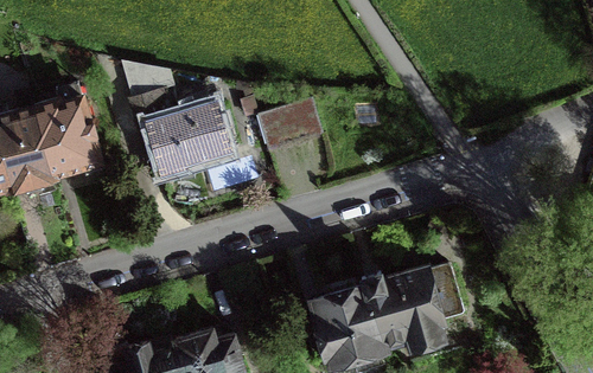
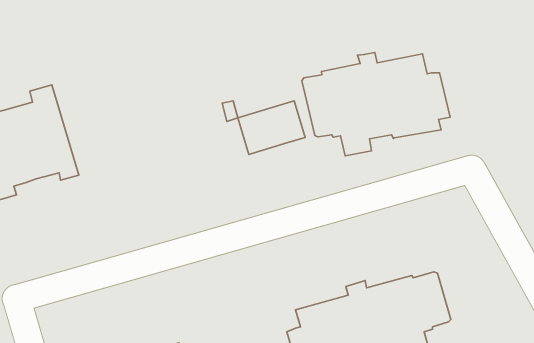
building: none -> [302,53,450,156]
building: [127,63,229,169] -> none

